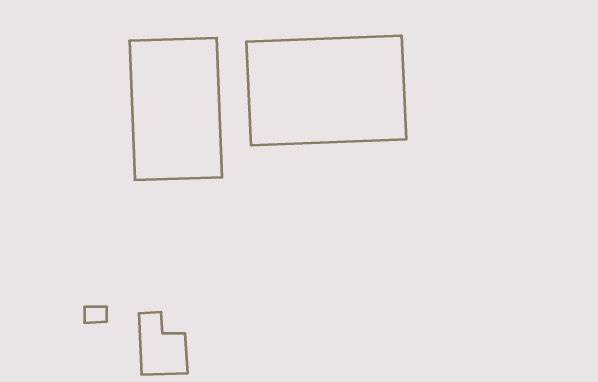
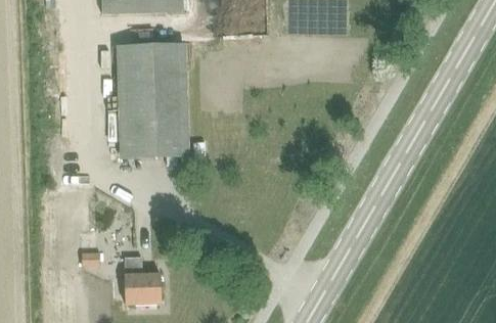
building: [247,36,406,145] -> none

